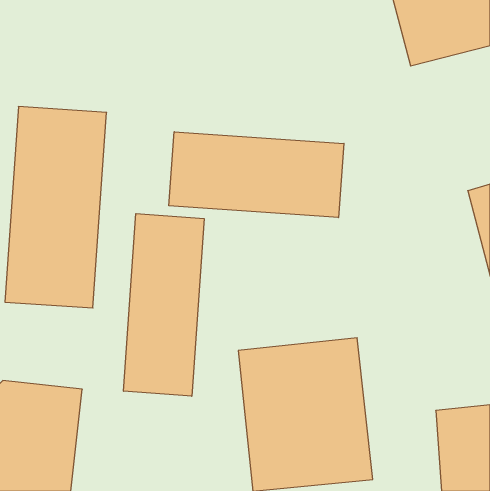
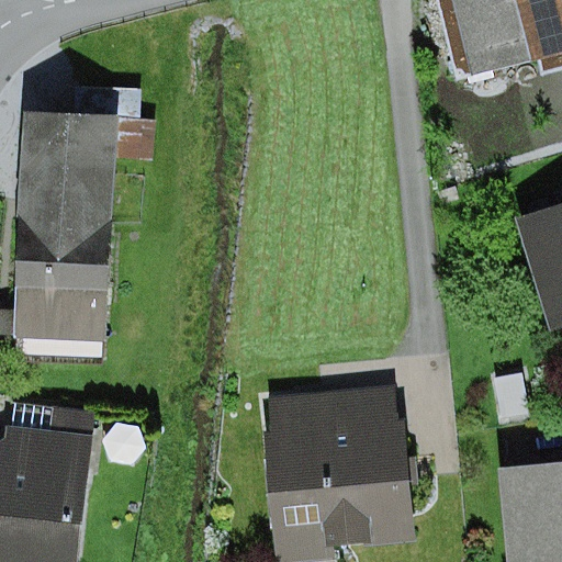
building: [169,132,344,218] -> none
building: [124,214,204,396] -> none

